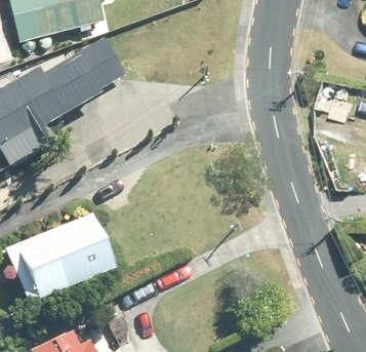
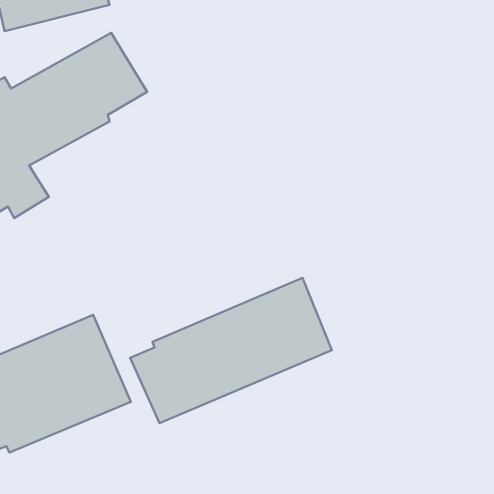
building: none -> [130,278,332,423]

